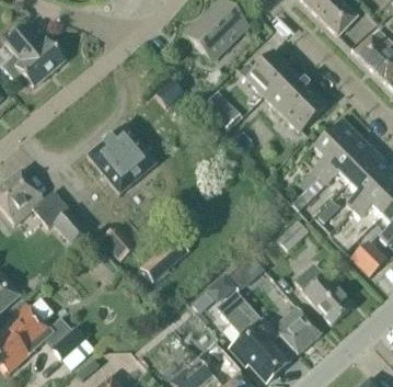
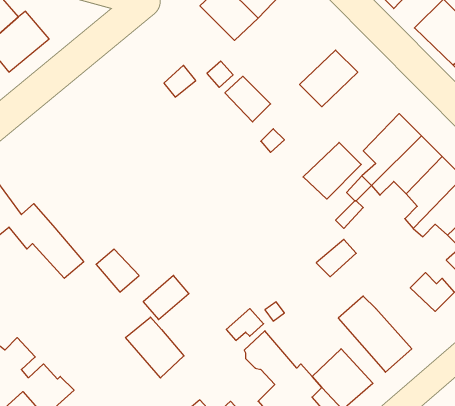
building: [245,49,291,95] -> none
building: [280,86,326,130] -> [303,142,361,199]
building: [86,123,155,193] -> none
building: none -> [126,317,184,378]

